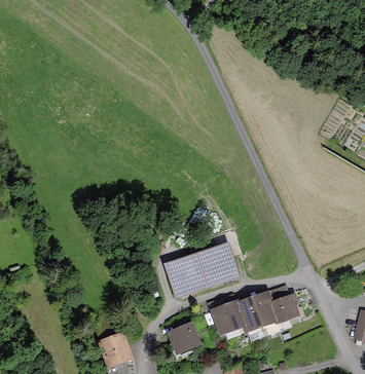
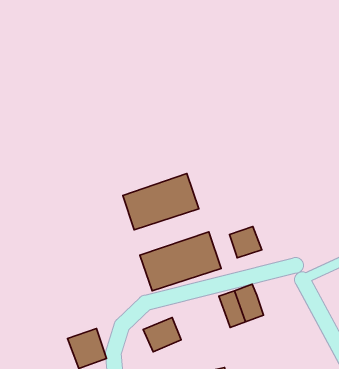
building: none -> [123,174,199,230]
building: [271,294,301,323] -> [229,227,262,258]
building: [210,301,245,334] -> none

